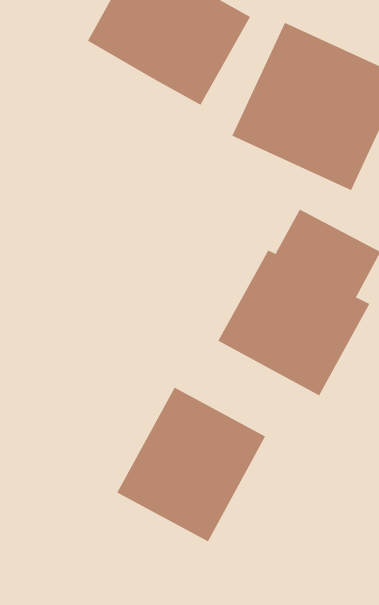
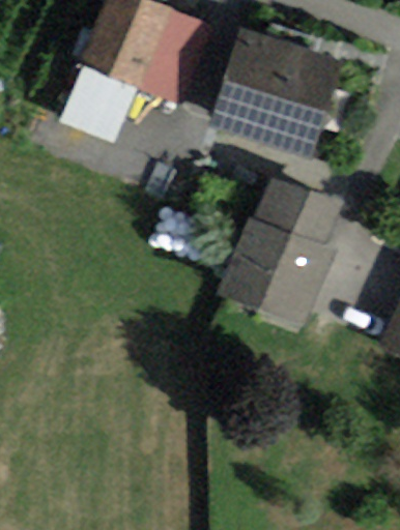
building: none -> [56,61,140,146]
building: [116,387,266,542] -> none

